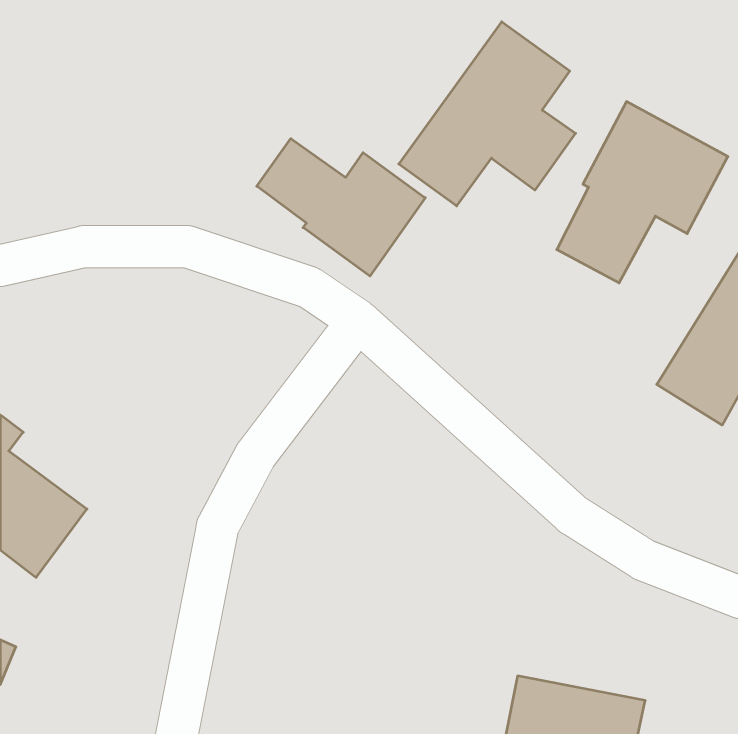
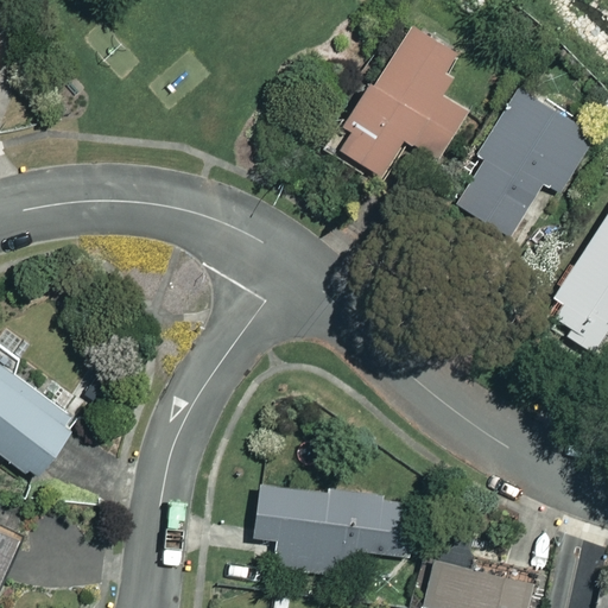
building: [257,139,425,276] -> none
building: none -> [253,484,416,564]

